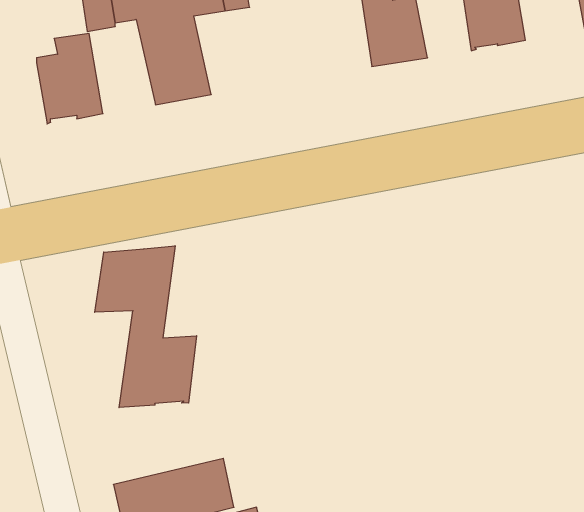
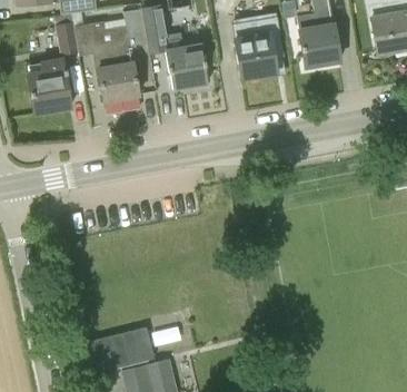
building: none -> [163,43,208,90]
building: [95,246,197,408] -> none

